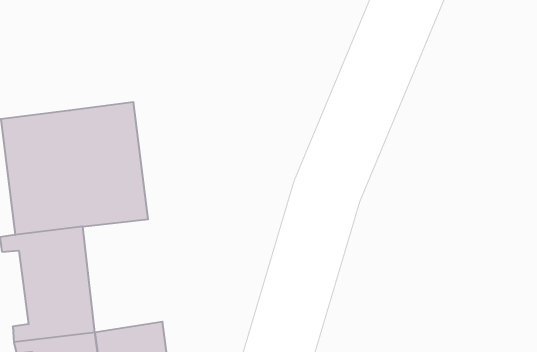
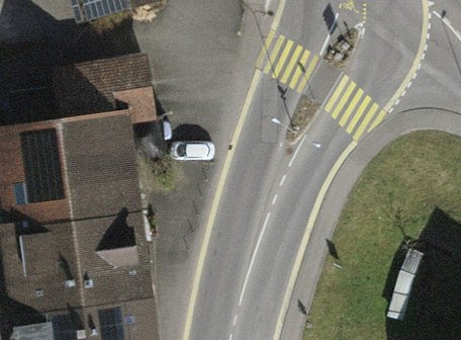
building: none -> [58,66,156,120]
building: none -> [76,211,143,307]

